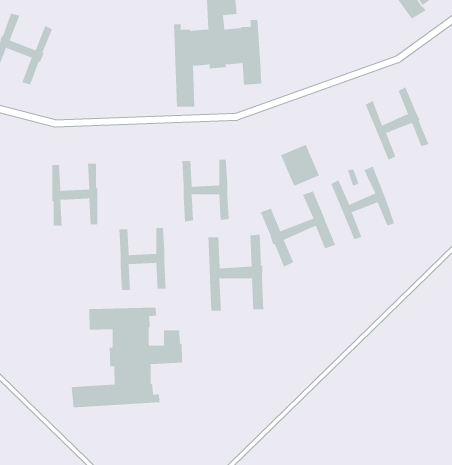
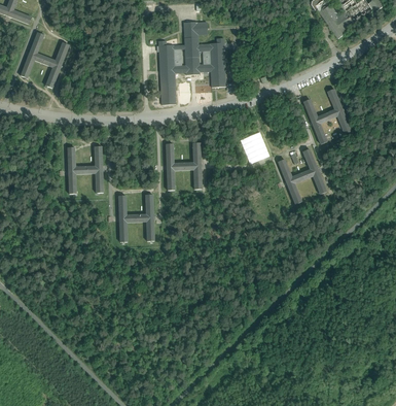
building: [260,191,336,267] -> none
building: [208,234,264,312] -> none
building: [71,307,182,408] -> none

